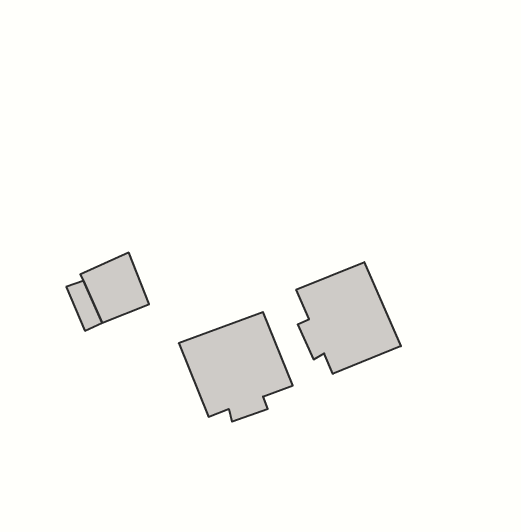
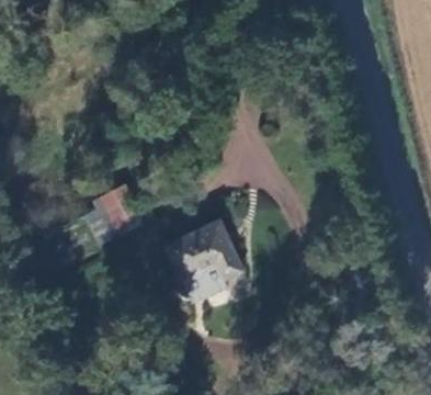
building: [296,262,401,374] -> none

